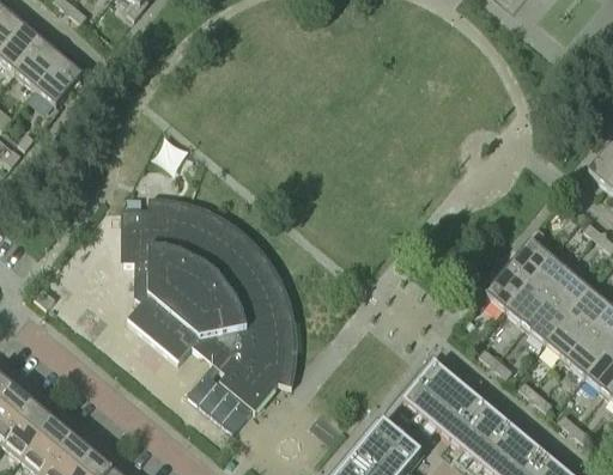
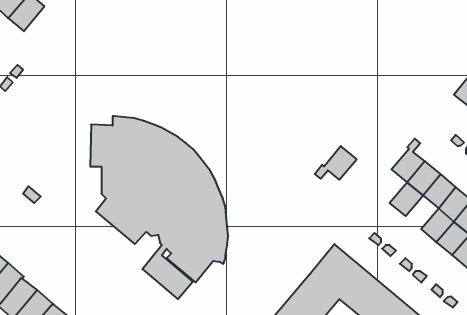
building: [35,55,83,104] -> none
building: [473,264,527,307] -> [315,146,357,180]
building: [524,298,568,341] -> none

